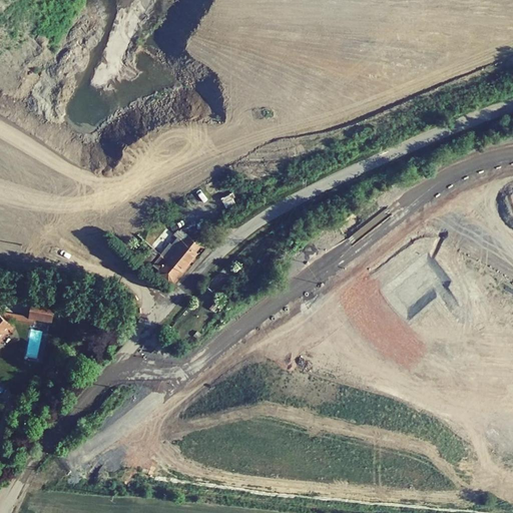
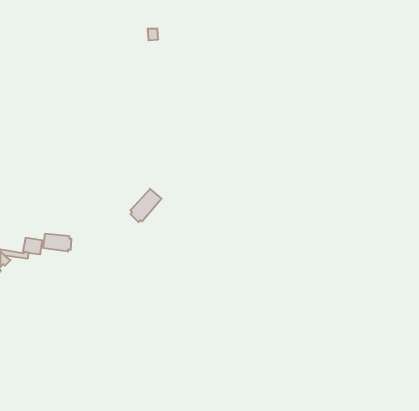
building: none -> [43,234,71,252]

